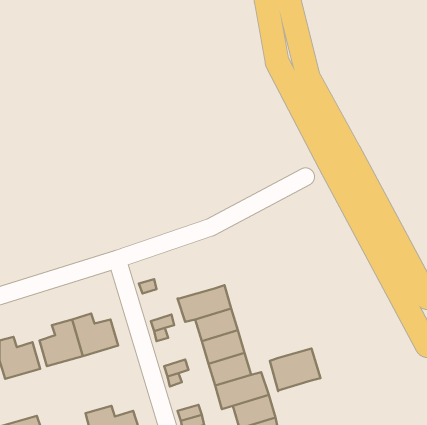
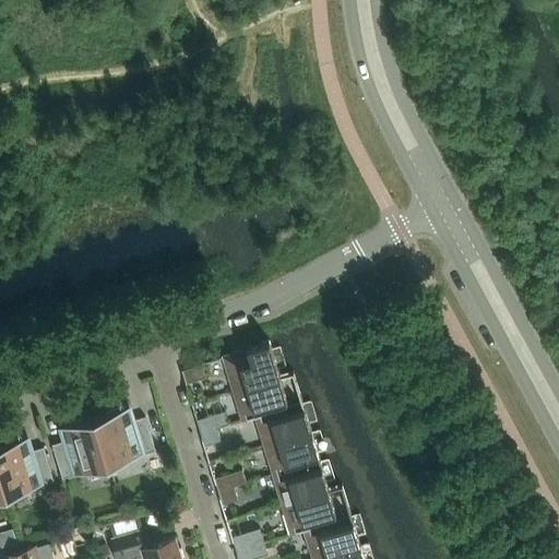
building: none -> [224,344,280,393]
building: [270,349,320,391] -> none

